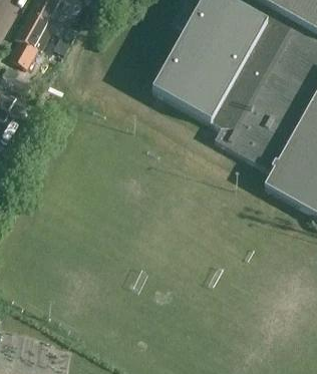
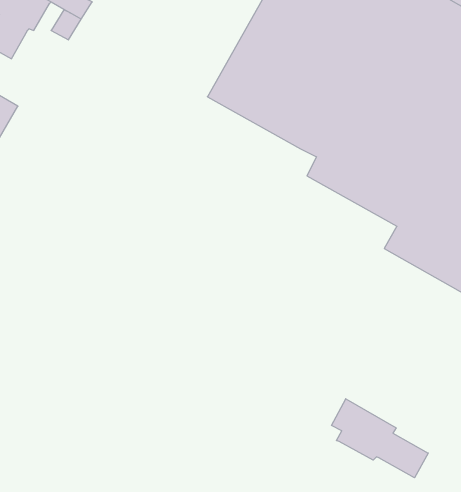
building: none -> [332,399,428,478]

